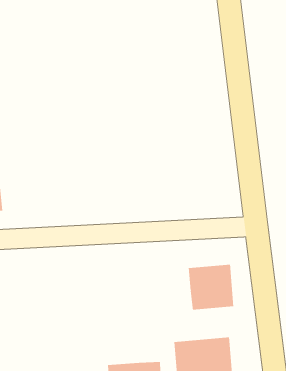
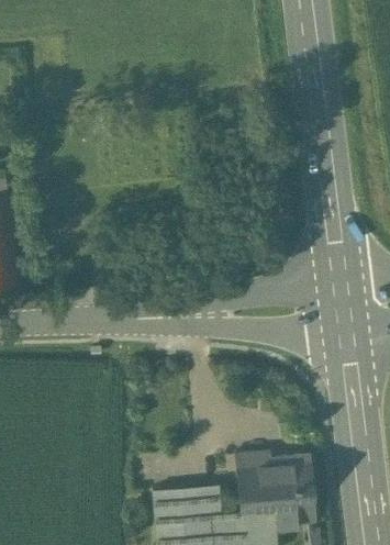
building: [188,264,234,311] -> none

